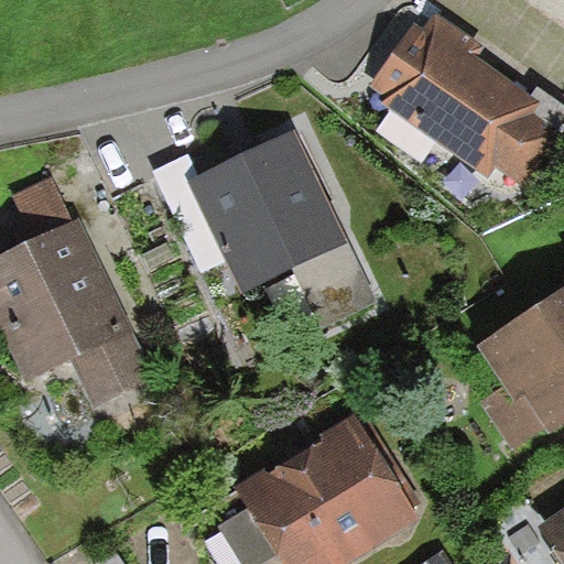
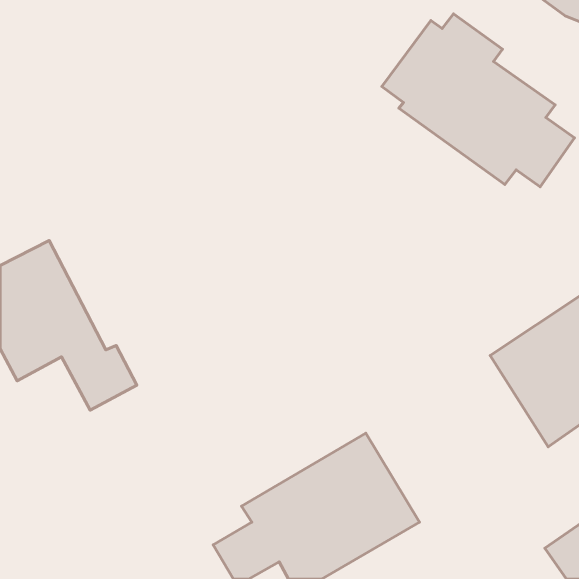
building: [158,133,377,326] -> none

